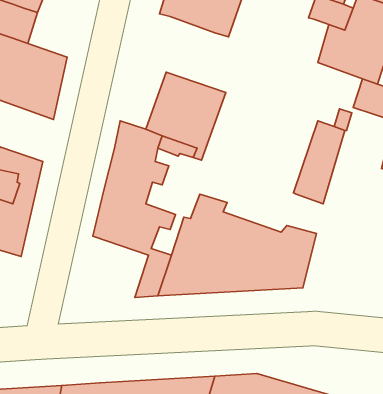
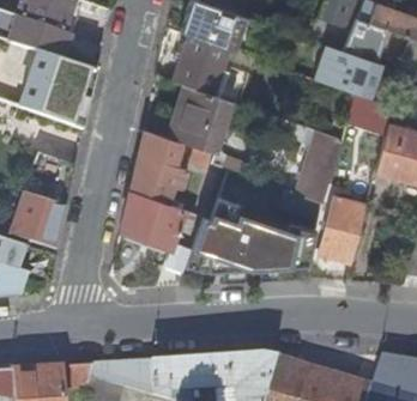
building: none -> [173,37,228,93]
building: none -> [320,196,365,260]

